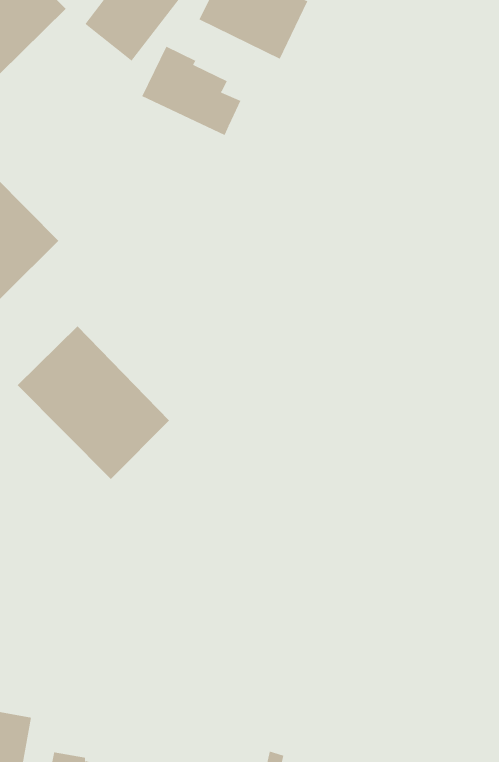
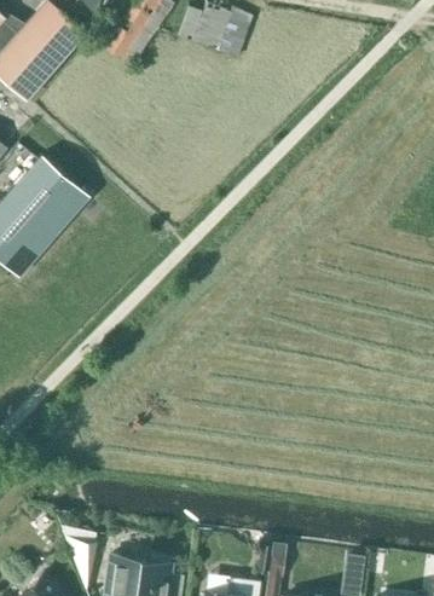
building: [142,46,241,136] -> none
building: [17,326,170,480] -> none

